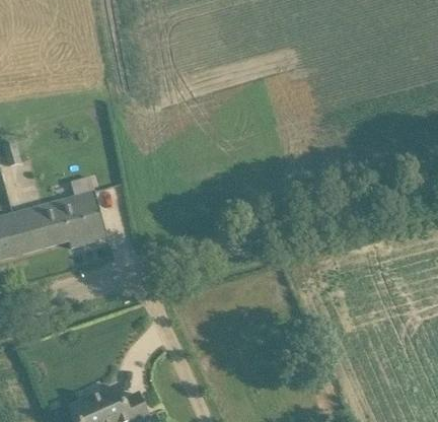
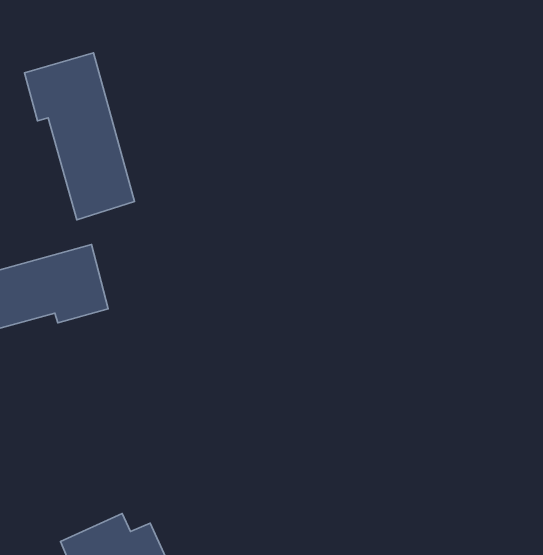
building: none -> [24,53,135,220]

